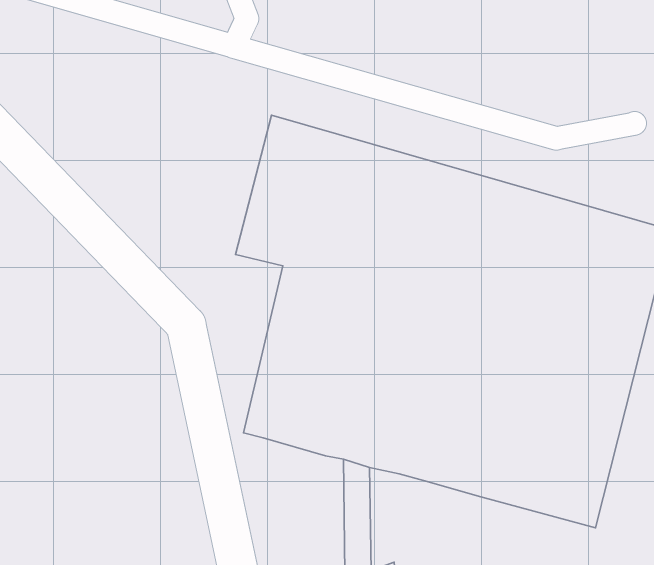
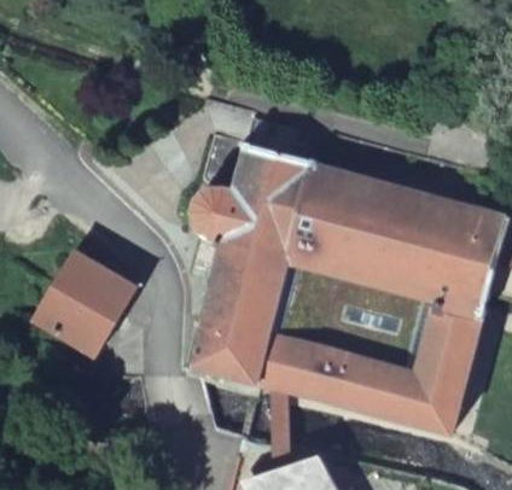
building: none -> [29,251,133,360]

